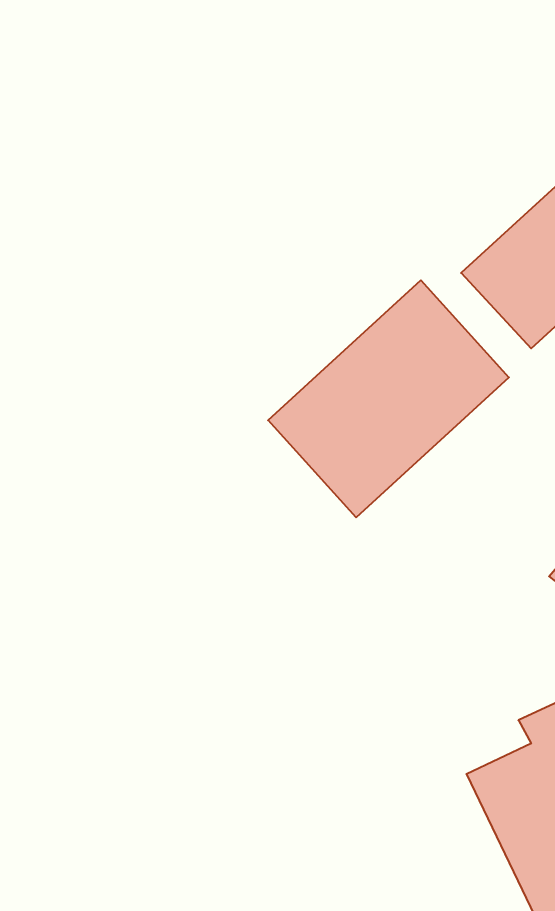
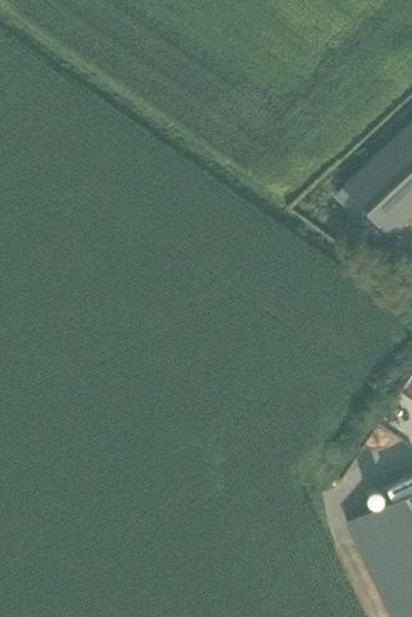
building: [268,280,509,517] -> none

